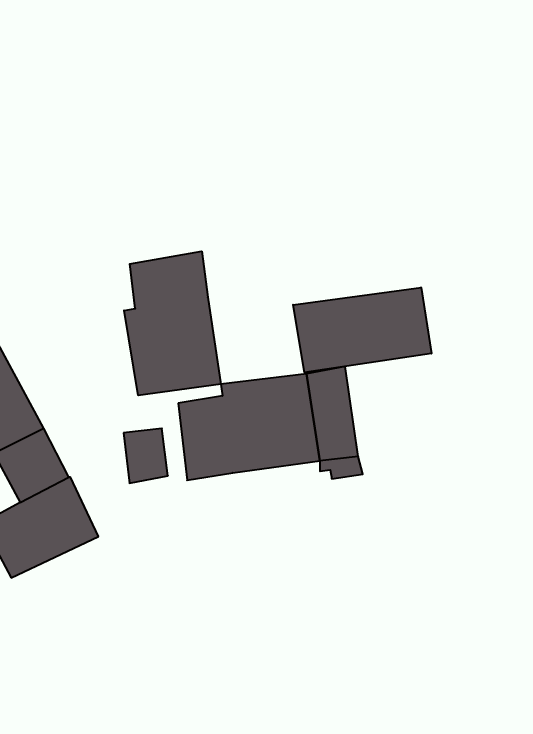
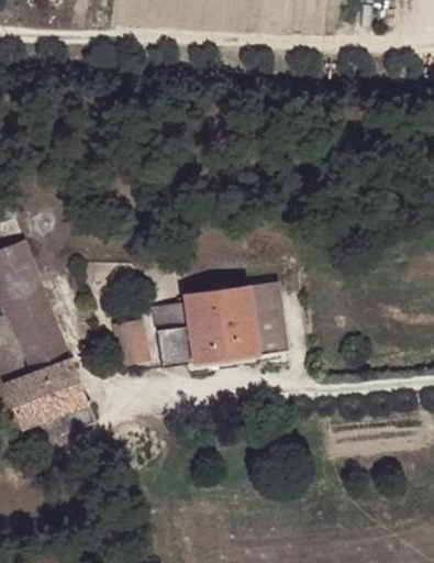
building: [124,251,221,395] -> none
building: [293,287,431,372] -> none

